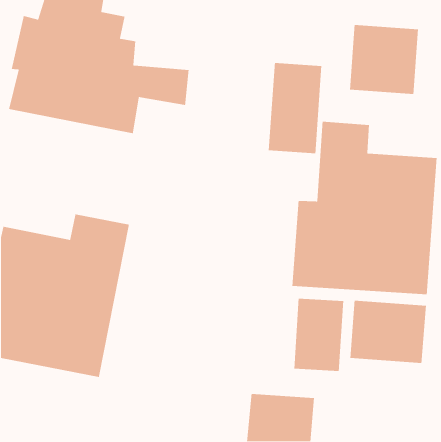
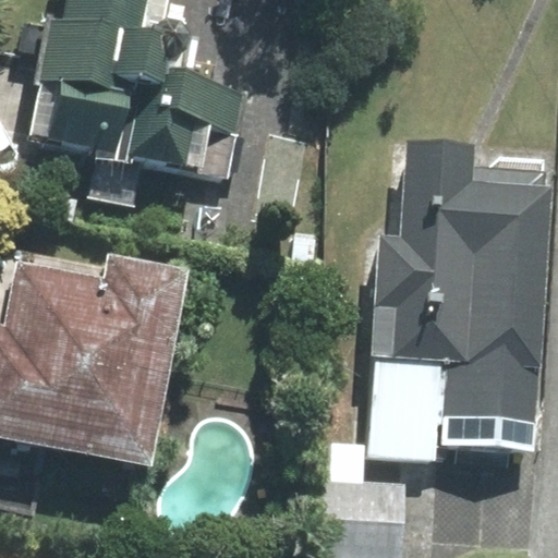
building: [349,24,419,95] -> none
building: [268,62,322,154] -> none

